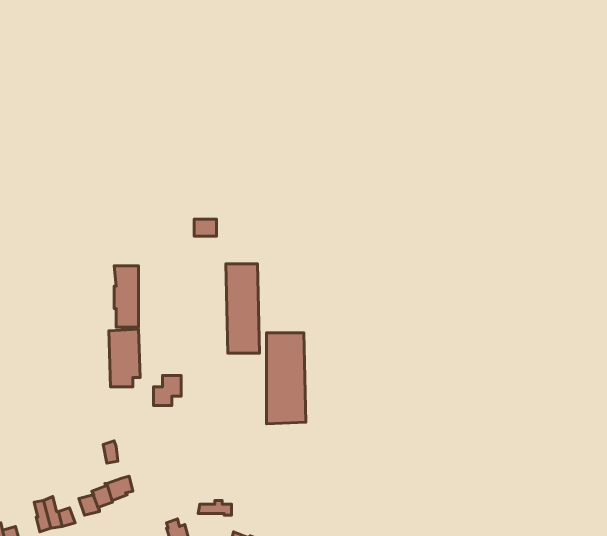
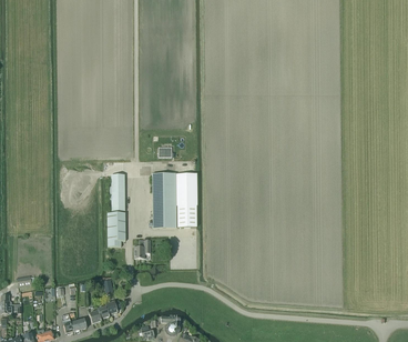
building: [267,333,306,424] -> [152,173,175,228]

